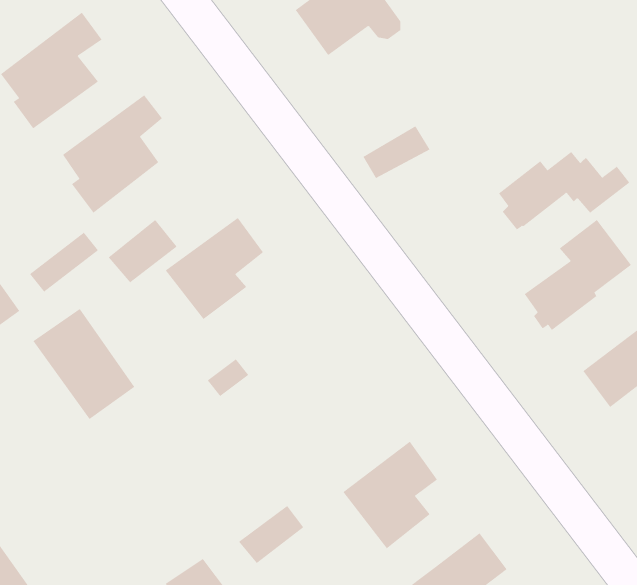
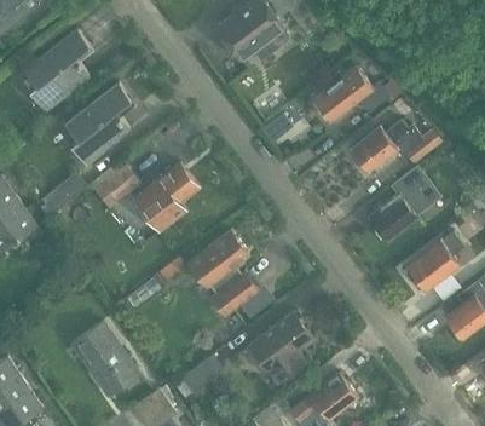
building: none -> [313,67,388,121]
building: [32,308,135,420] -> [70,322,138,396]
building: none -> [189,231,260,318]

